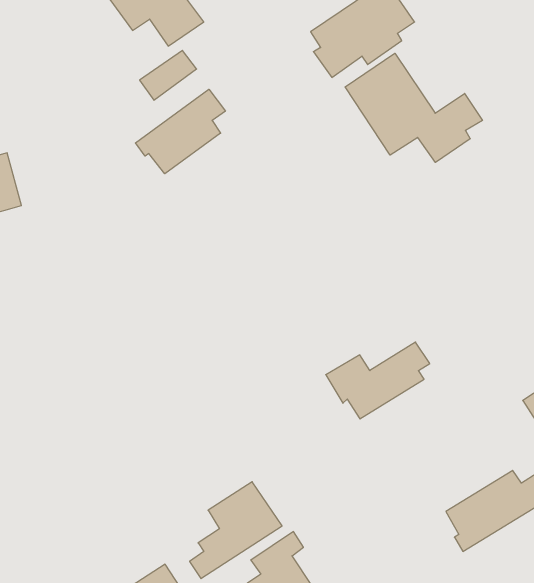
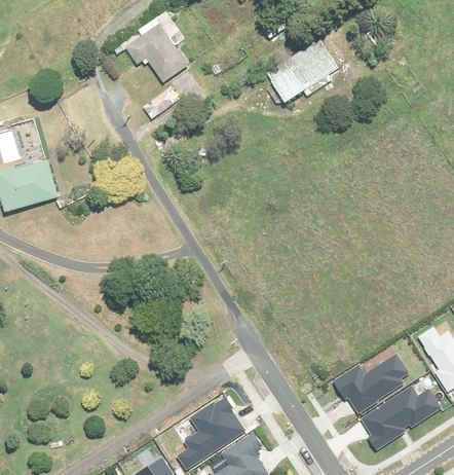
building: [345,53,482,162] -> none
building: [135,89,225,174] -> none
building: [326,342,430,419] -> [334,356,409,411]

